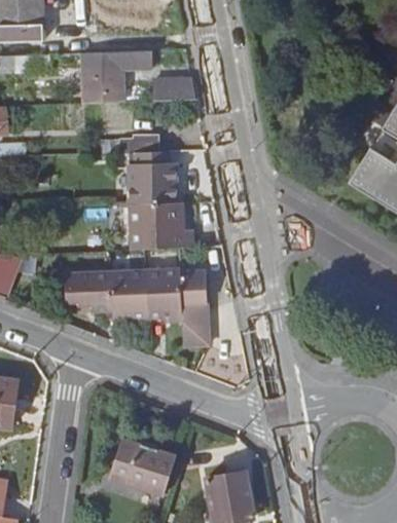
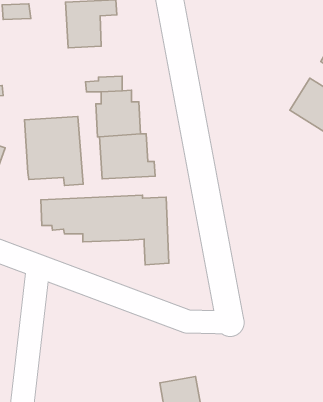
building: [153,77,196,101] -> none
building: none -> [24,116,83,186]
building: [108,437,175,494] -> none

